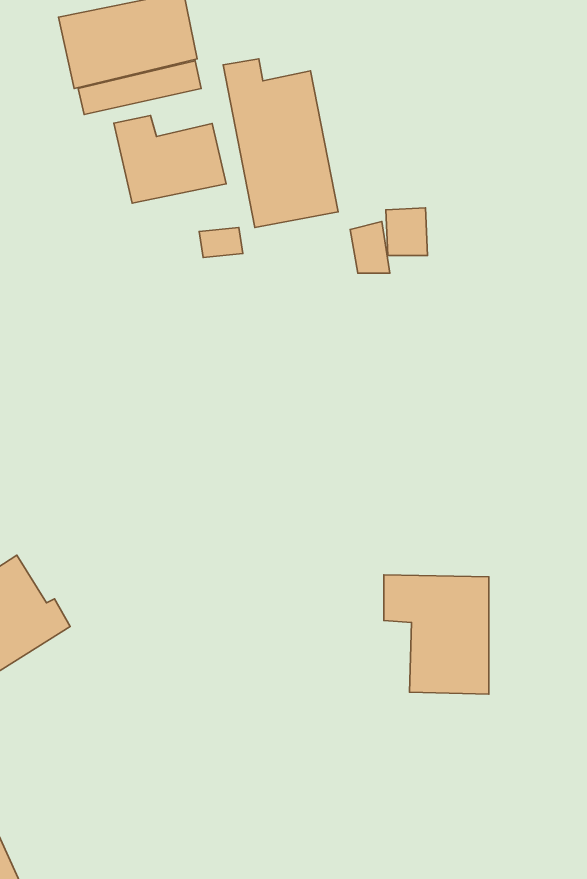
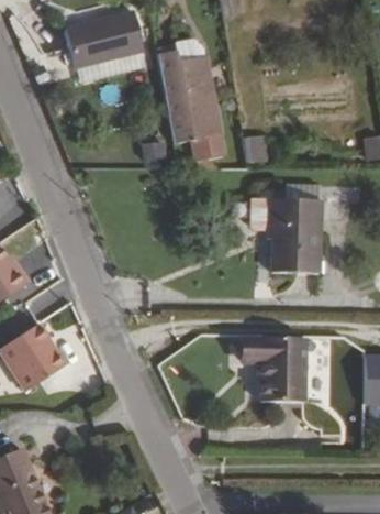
building: [114,116,226,203] -> none
building: none -> [252,196,321,273]

